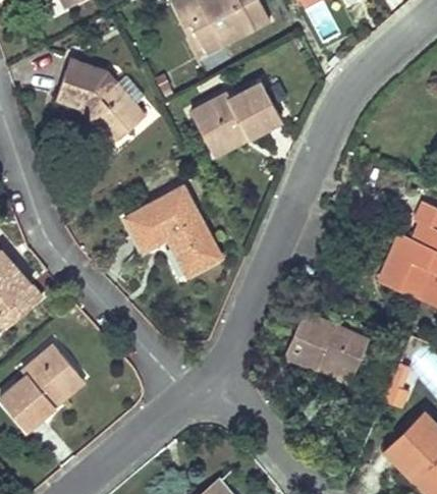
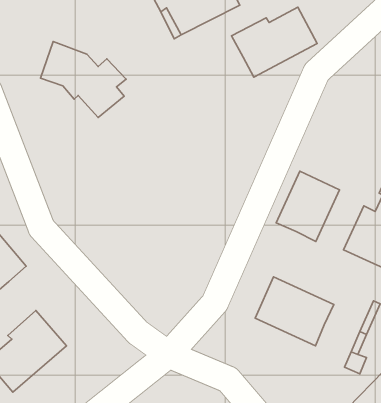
building: [192,83,282,157] -> [232,7,317,77]
building: [125,187,221,276] -> none
building: none -> [276,171,340,242]

